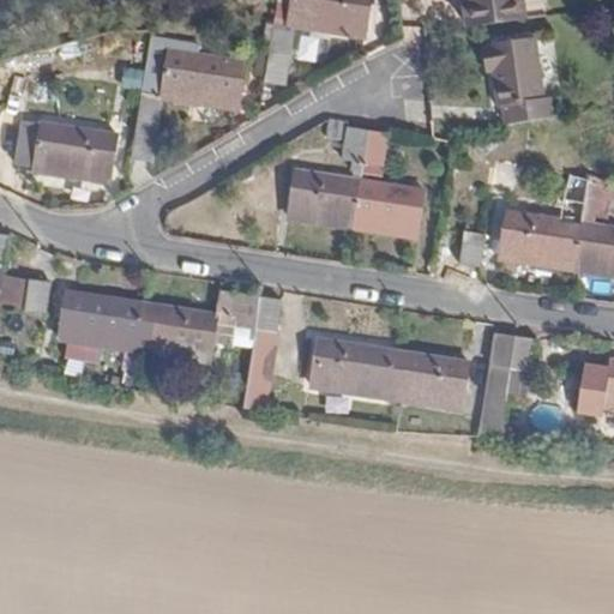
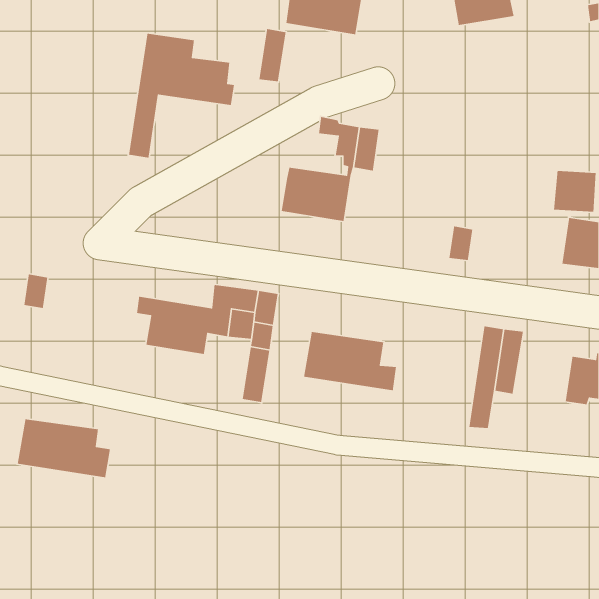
building: [482,36,549,122] -> none
building: [12,119,118,182] -> none
building: [351,180,423,236] -> none
building: [498,211,580,270] -> none
building: [58,291,154,353] -> [17,418,111,478]
building: [389,349,468,409] -> none

